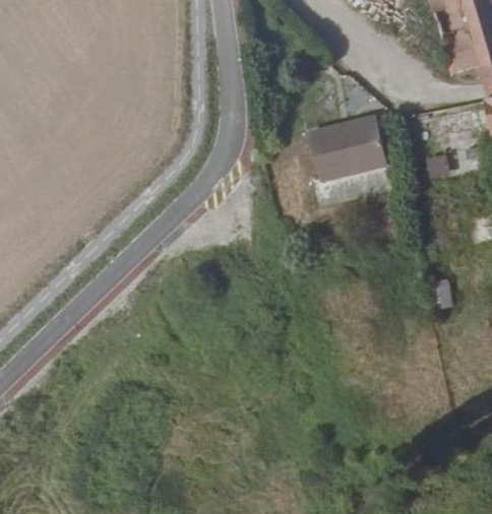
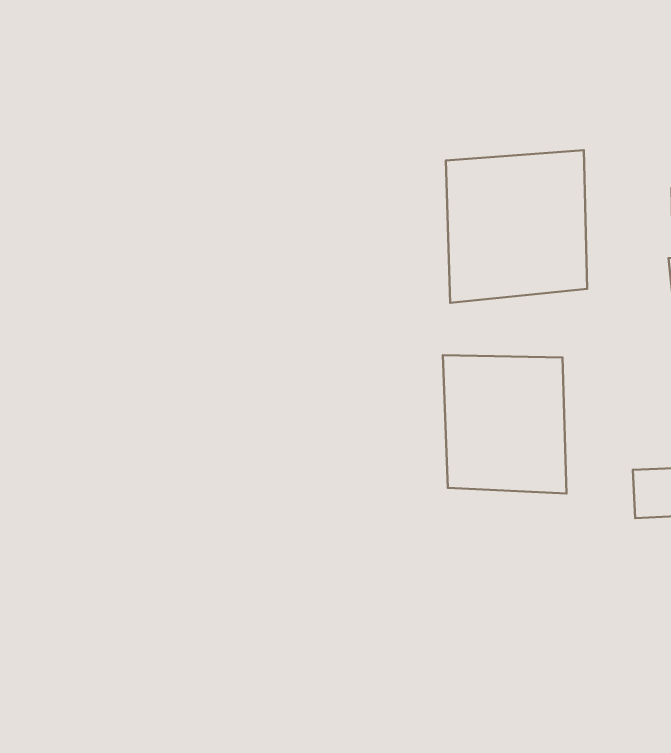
building: none -> [443,355,567,494]

